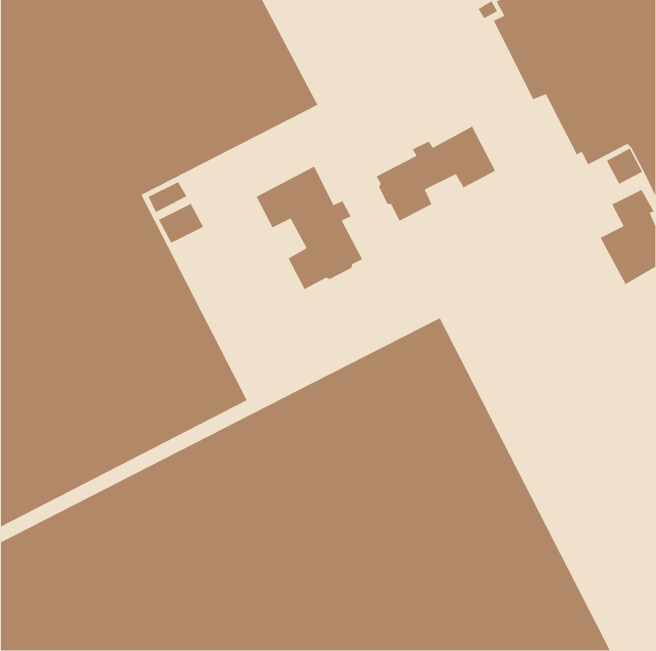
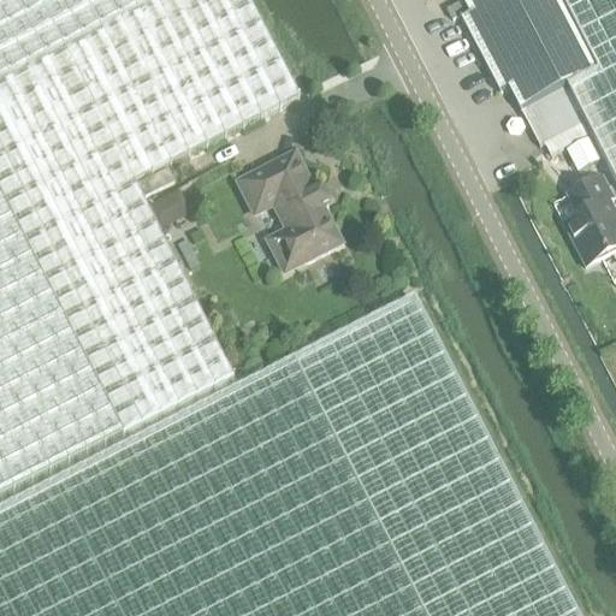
building: [375,126,496,222] -> none

